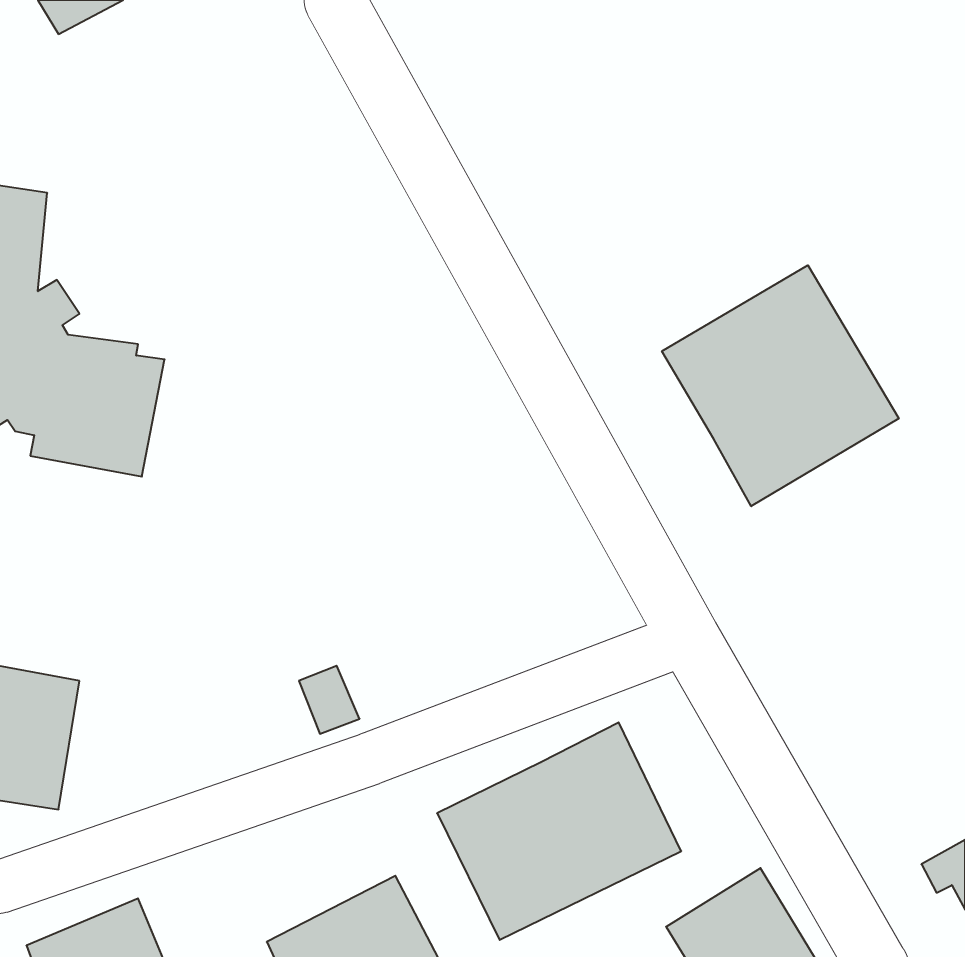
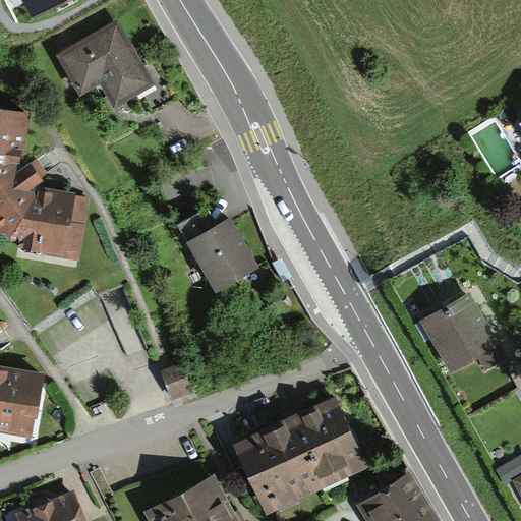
building: none -> [58,24,156,111]
building: [662,265,899,506] -> none
building: none -> [180,219,256,297]
building: none -> [419,290,507,371]

